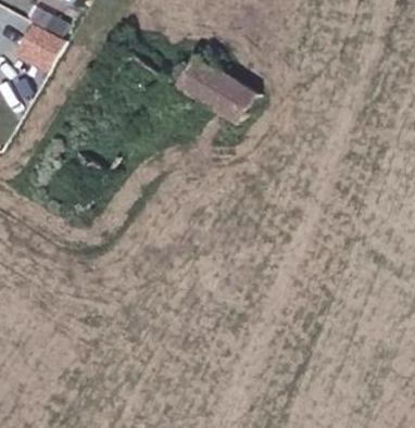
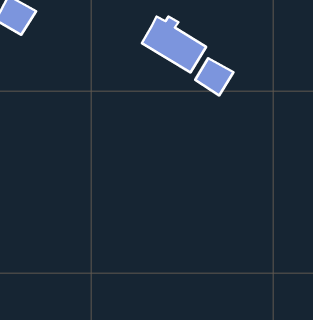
building: none -> [195,58,233,95]

